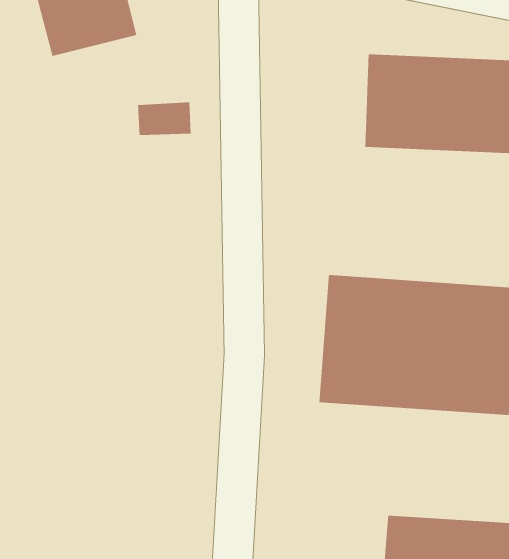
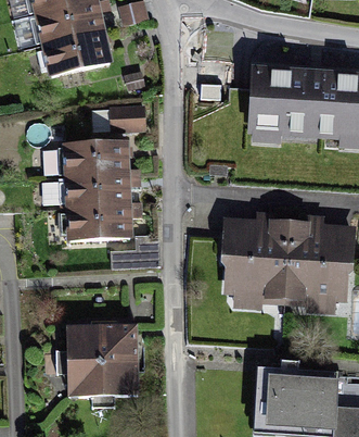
building: none -> [51,140,121,238]
building: none -> [66,323,137,391]

